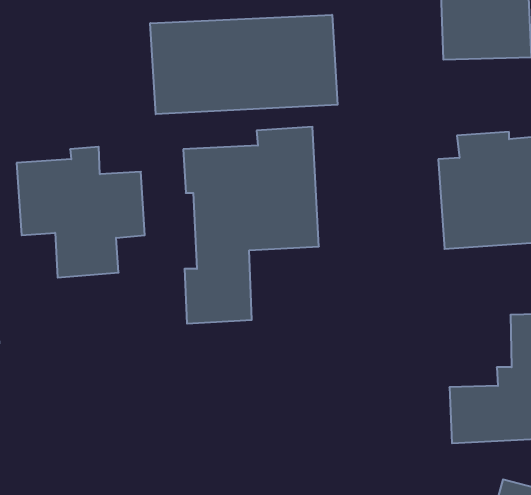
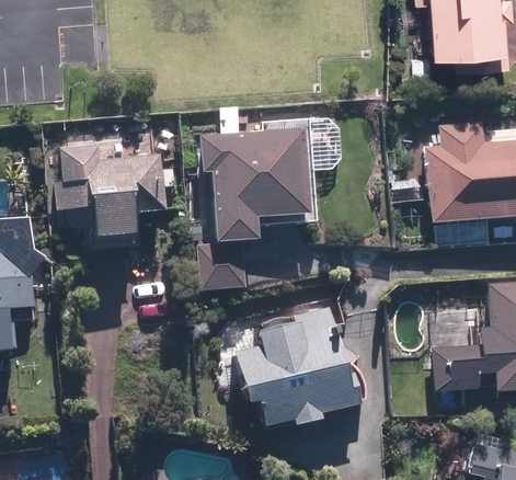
building: [150,15,338,114] -> none
building: none -> [228,306,358,430]

